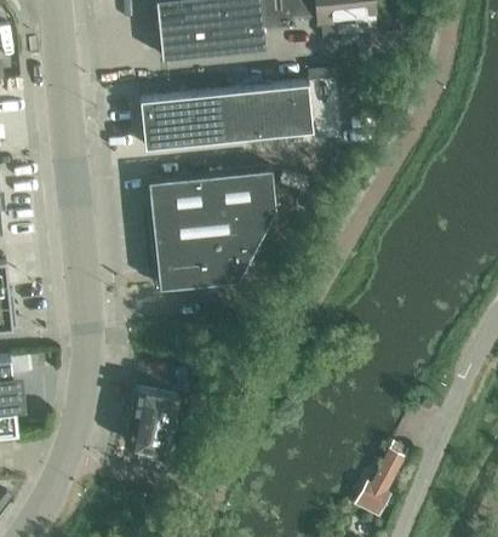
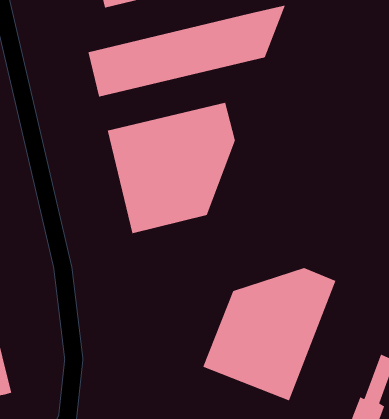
building: none -> [202,267,336,401]
building: [125,390,177,462] -> none

